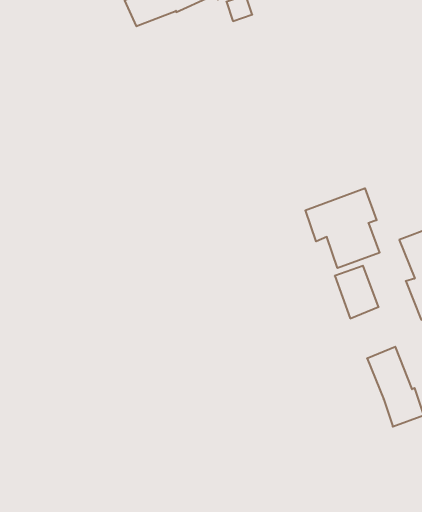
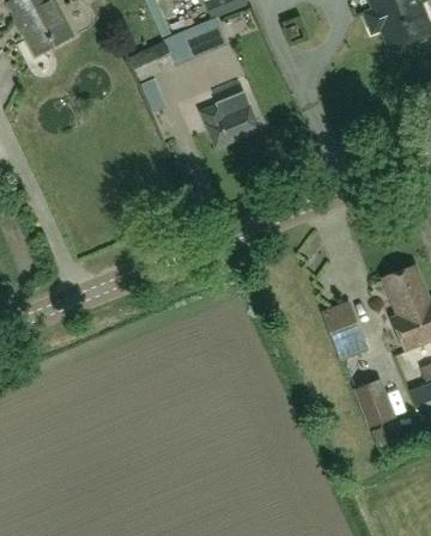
building: none -> [202,92,259,147]
building: [305,188,380,268] -> none

